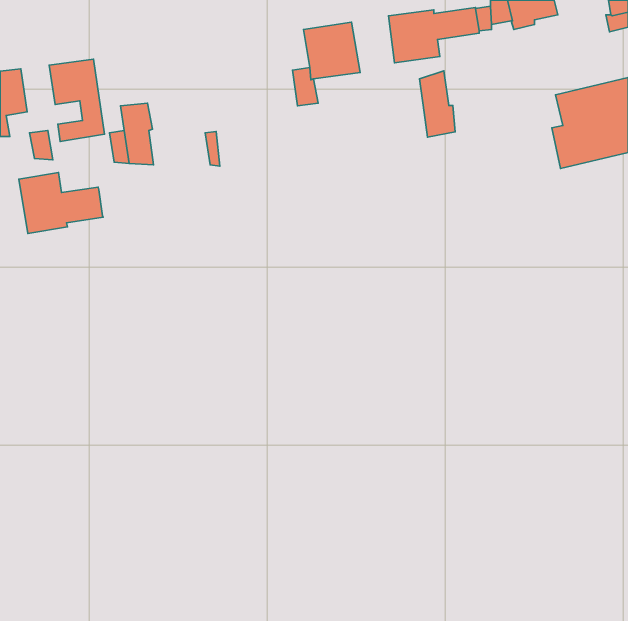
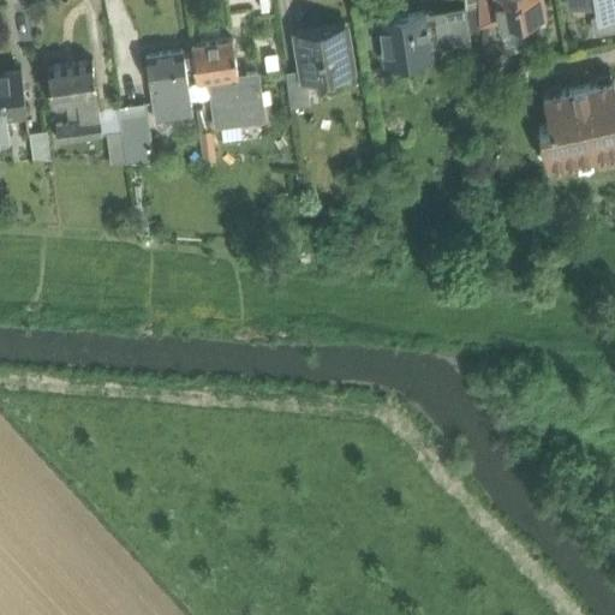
building: none -> [192,43,264,130]
building: none -> [147,55,192,121]
building: [419,71,455,137] -> none
building: [19,173,103,234] -> none

